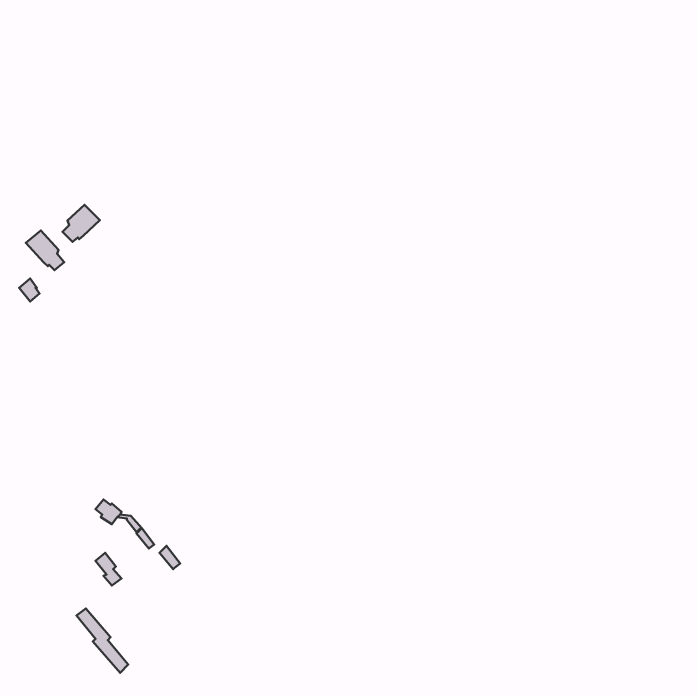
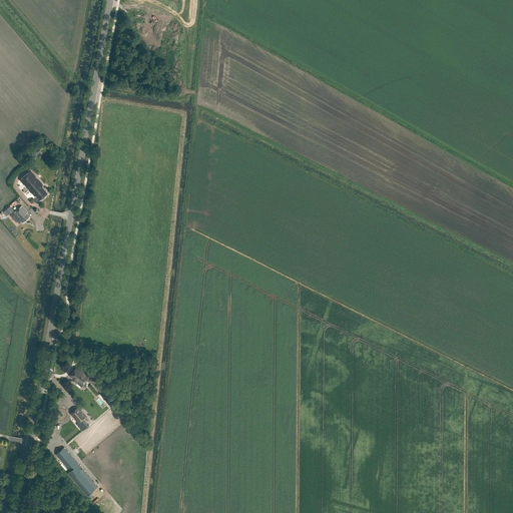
building: [63,205,100,242] -> none

